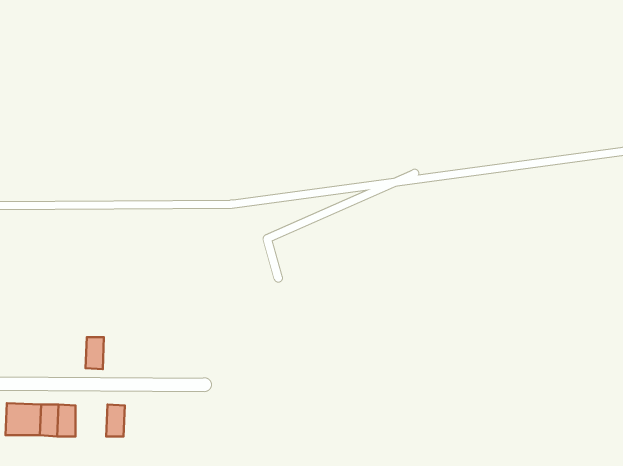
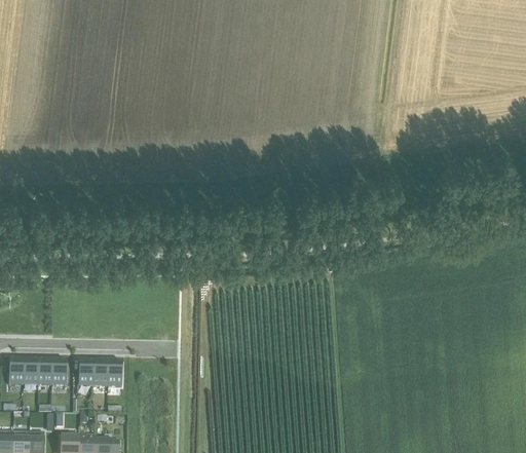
building: [86,337,104,369] -> [78,360,93,386]
building: none -> [107,361,122,386]

